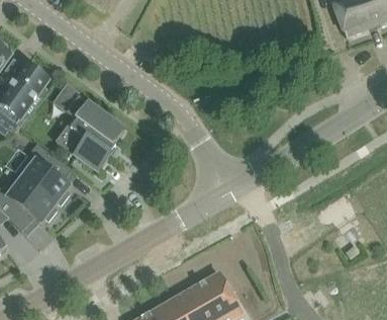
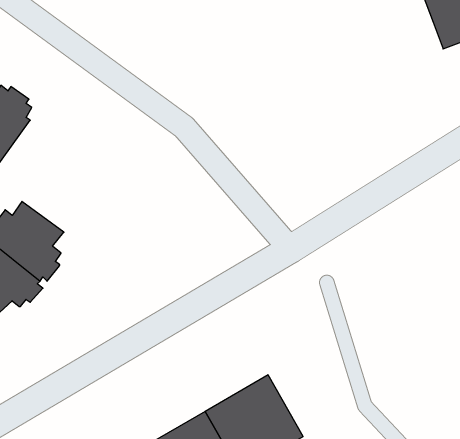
building: [56,95,124,173] -> none

